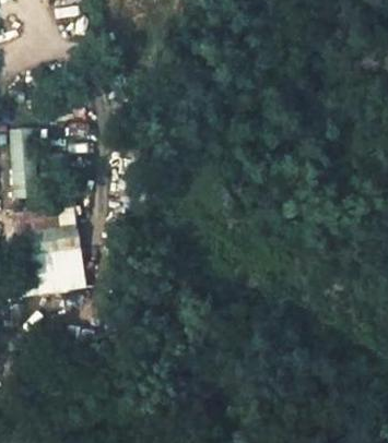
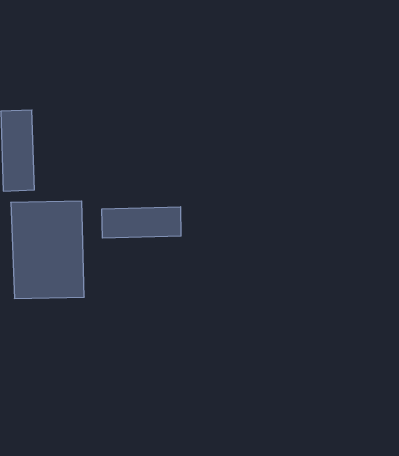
building: none -> [102,207,181,238]

